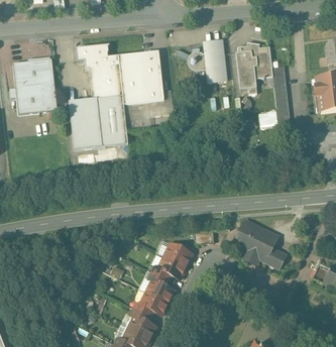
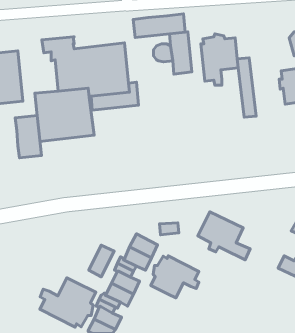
building: none -> [133,14,185,38]
building: none -> [15,115,42,158]
building: none -> [89,245,114,277]
building: none -> [151,256,199,298]
building: none -> [40,278,96,327]

